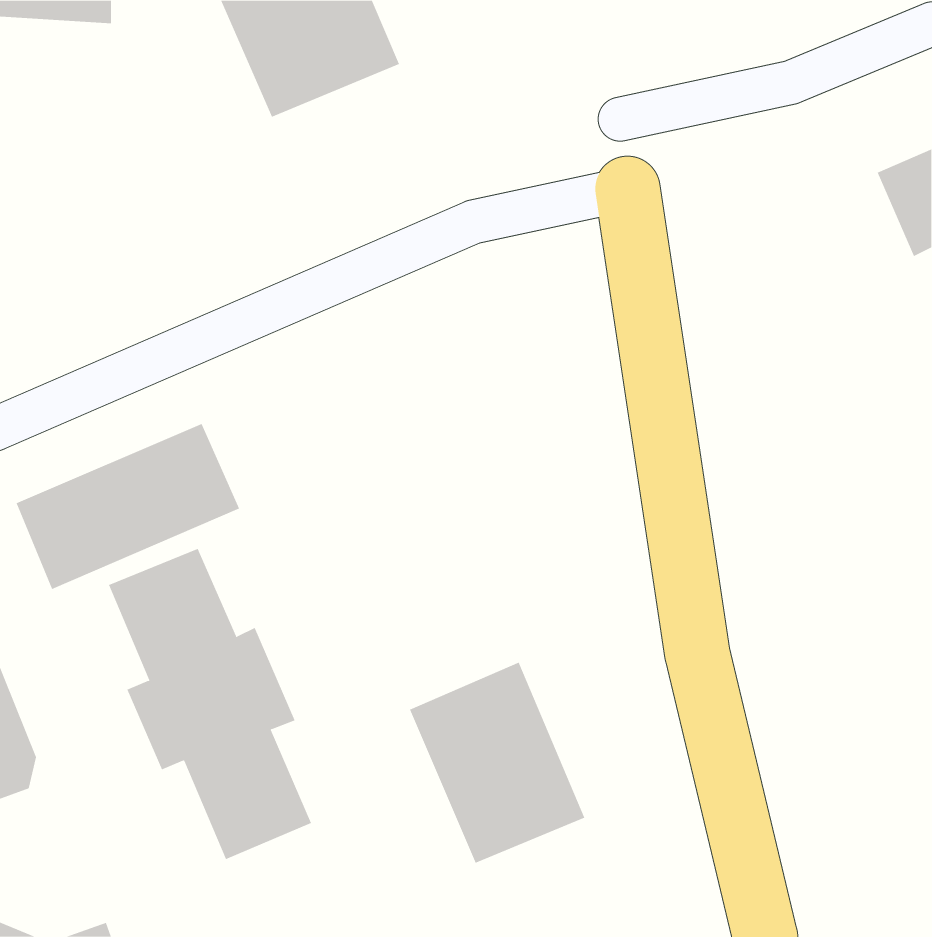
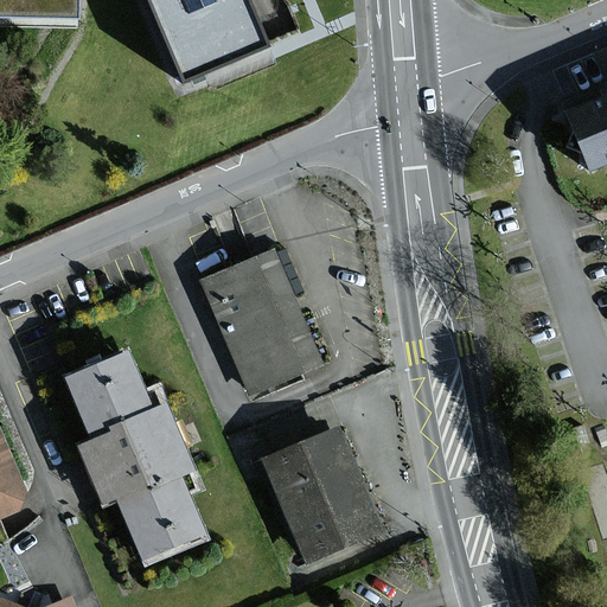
building: none -> [202,250,319,392]
building: [16,423,240,590] -> none

